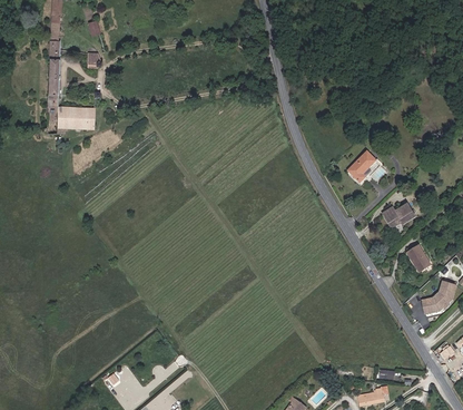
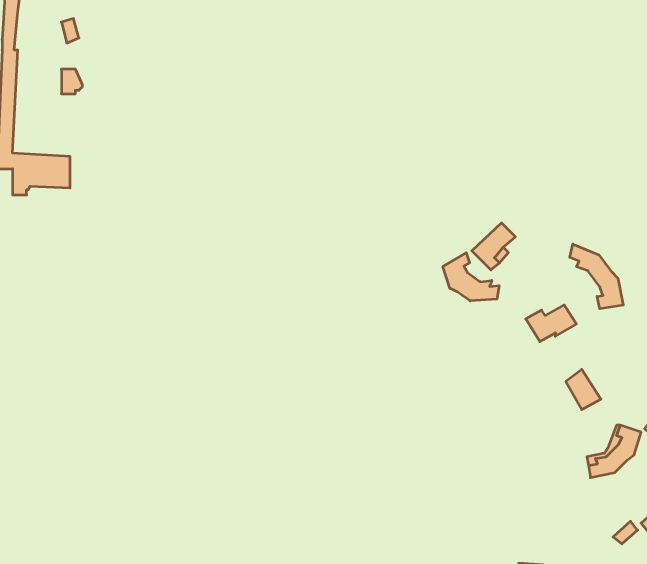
building: none -> [570,244,623,309]
building: none -> [443,253,499,301]

